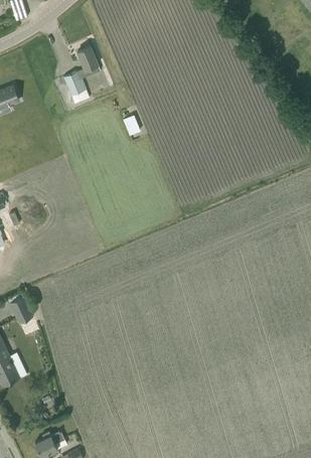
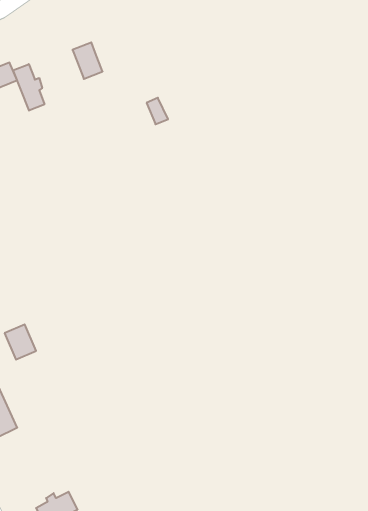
building: [77,46,101,78] -> none
building: none -> [13,64,44,111]

